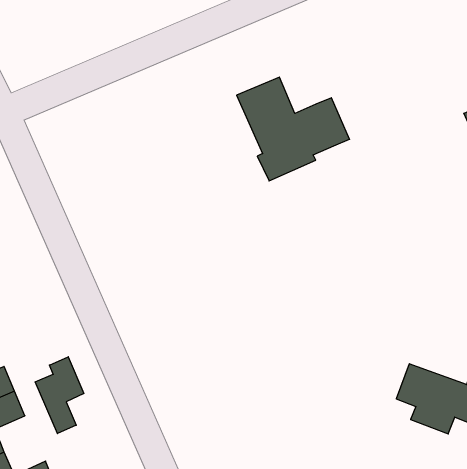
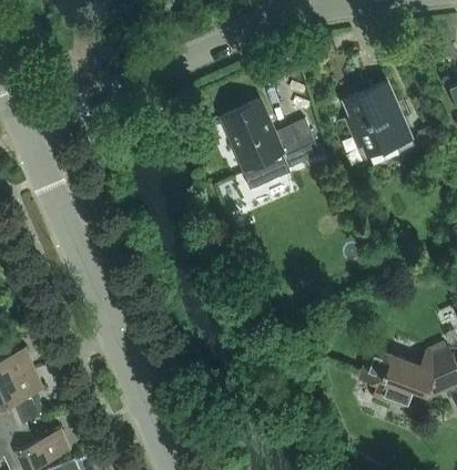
building: none -> [342,79,413,157]
building: [35,357,84,434] -> none

